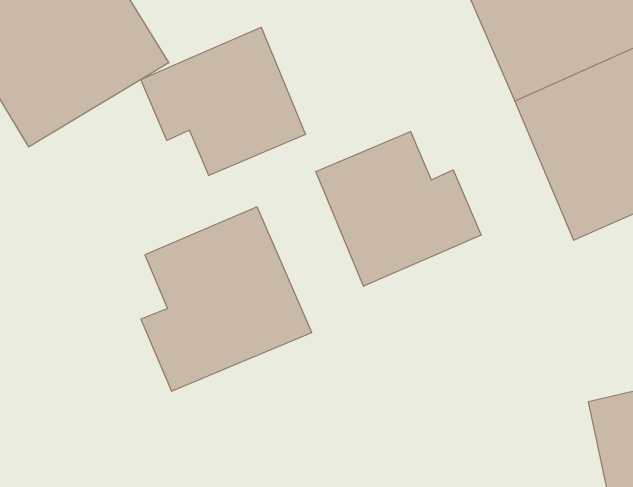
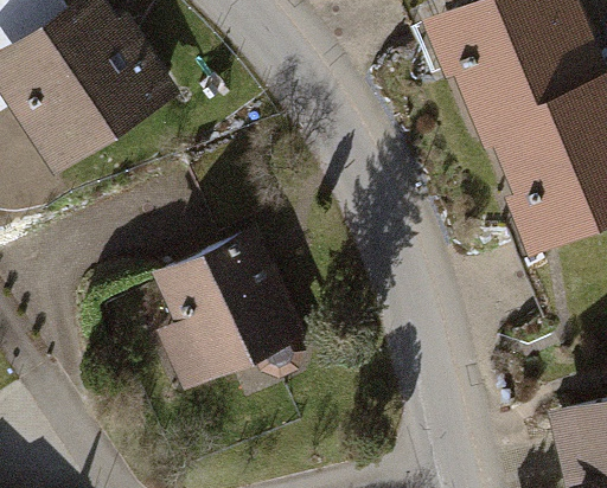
building: [141,27,306,175] -> none
building: [316,131,481,286] -> none

